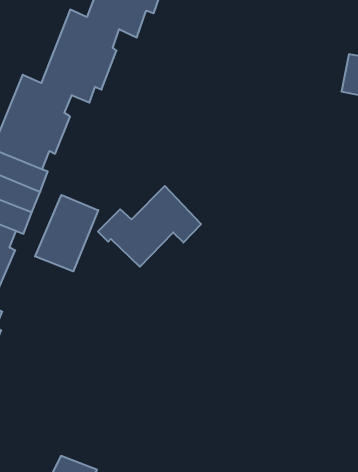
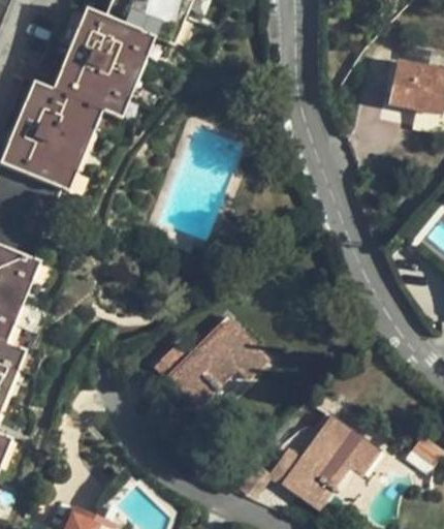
building: [98,186,201,267] -> [155,317,269,407]
building: [35,195,98,271] -> none
building: none -> [267,416,380,509]

